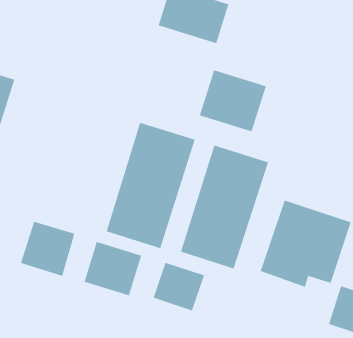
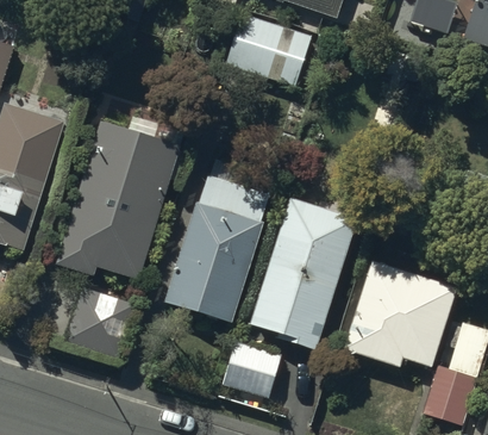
building: [199,69,267,132] -> none
building: none -> [61,124,179,276]
building: [84,241,142,296] -> none

